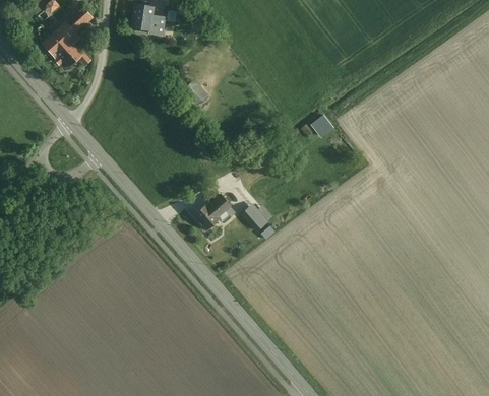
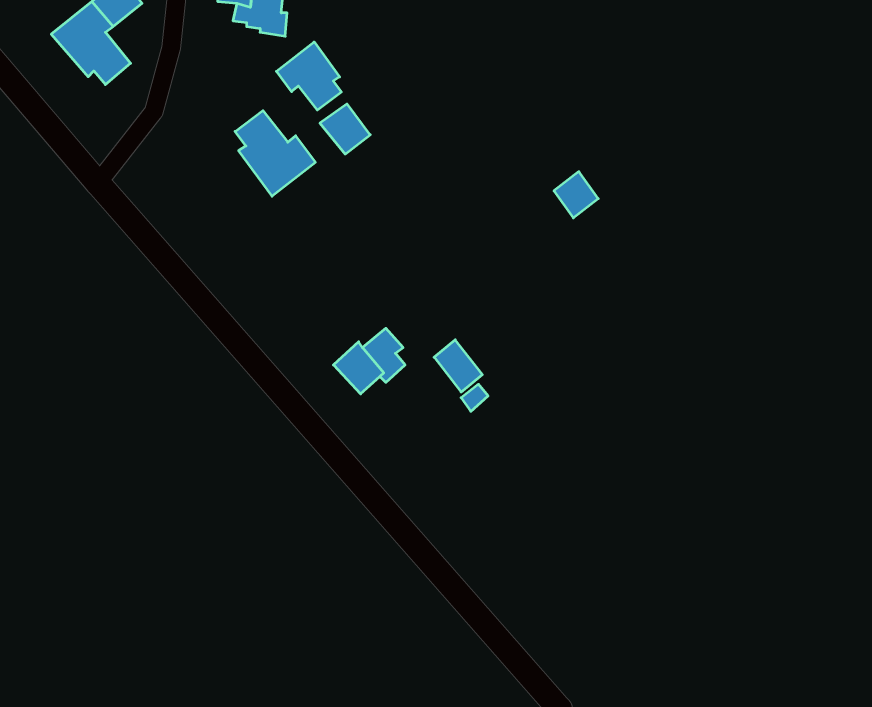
building: none -> [276,42,341,110]
building: none -> [235,111,315,196]

